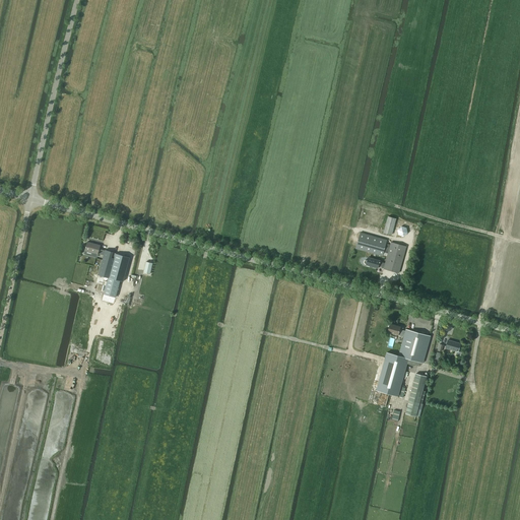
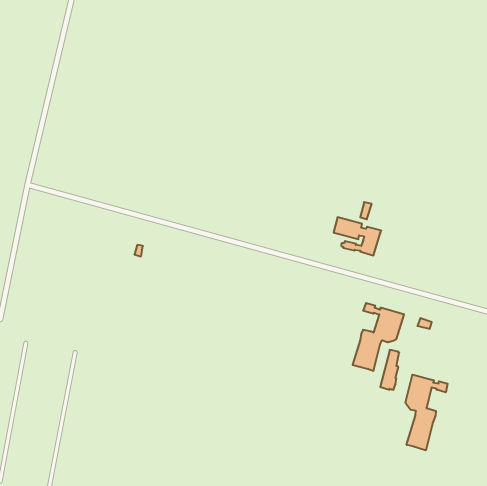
building: [84,241,130,303] -> none
building: none -> [405,375,448,450]

